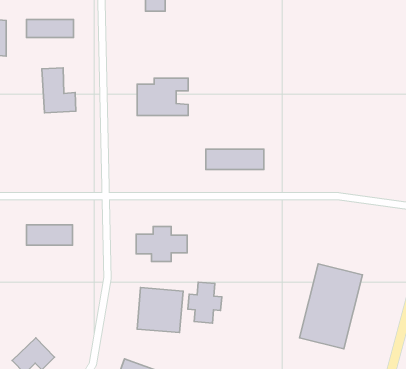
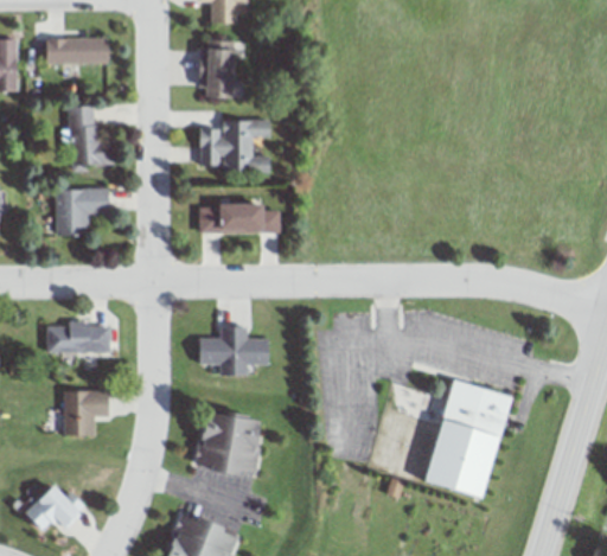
building: none -> [204,40,239,98]
building: none -> [55,188,110,236]
building: [206,149,264,170] -> [199,205,280,234]
building: none -> [64,391,110,436]
building: [188,282,222,323] -> none

